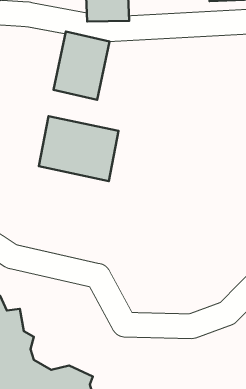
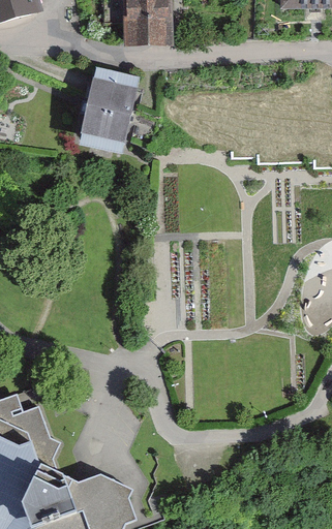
building: [39,116,119,181] -> none

